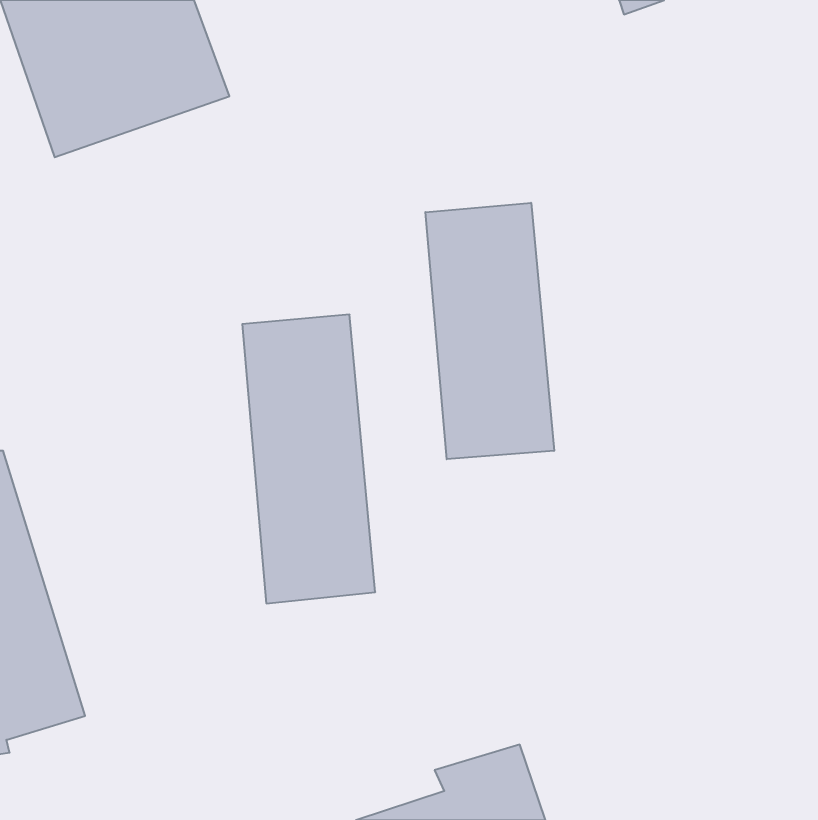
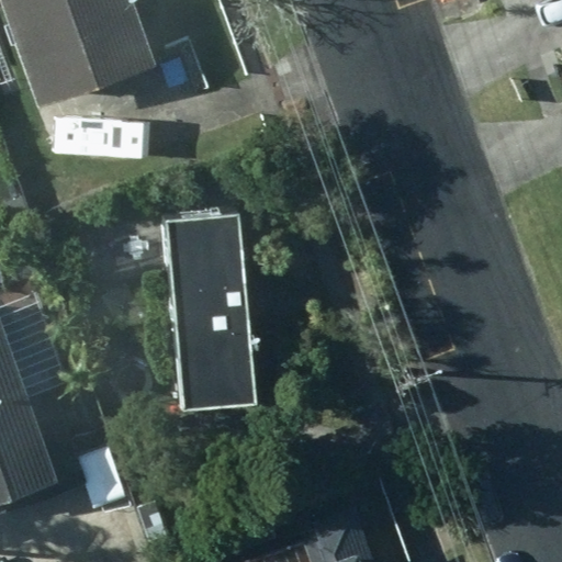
building: [425,203,554,459] -> none

